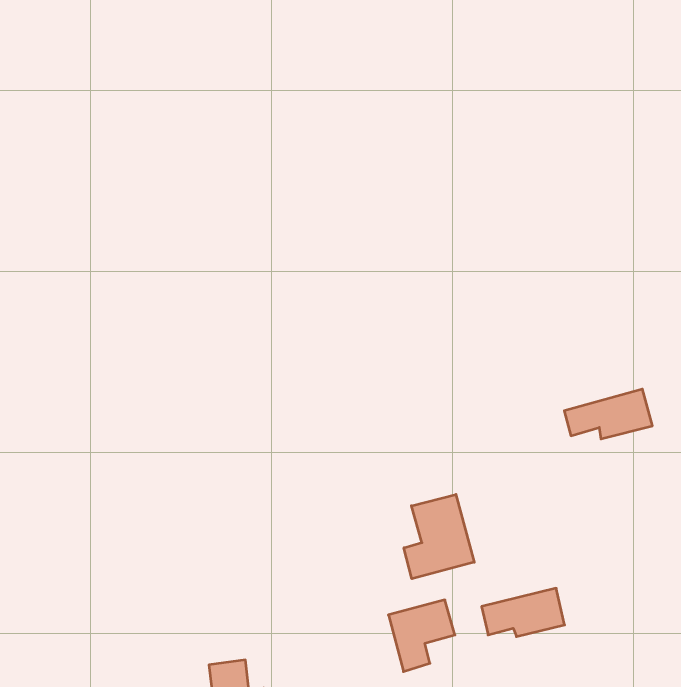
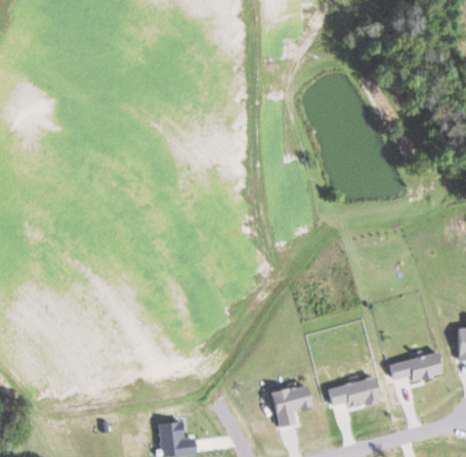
building: [564,389,652,439] -> [389,352,443,382]
building: [404,494,474,579] -> none

